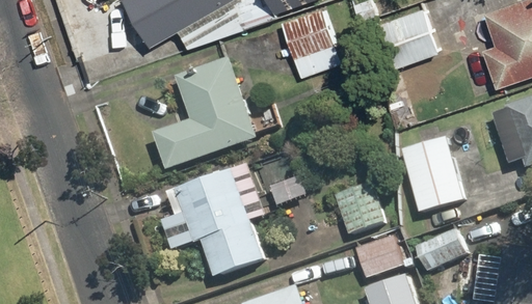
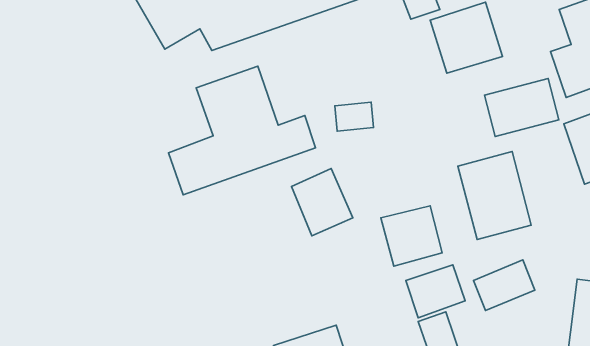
building: [284,9,339,77] -> none
building: none -> [485,78,559,137]
building: [165,162,266,279] -> none

